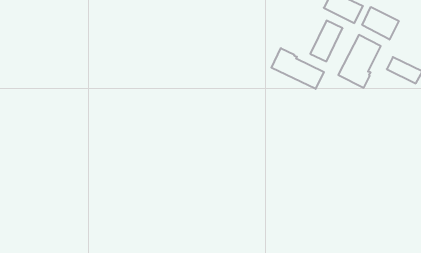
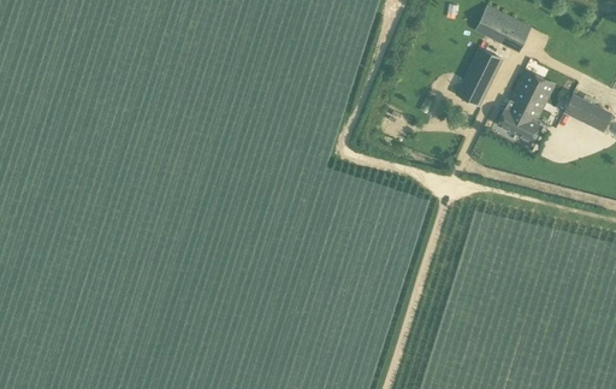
building: [362,7,399,40] -> none
building: [271,48,324,89] -> none

